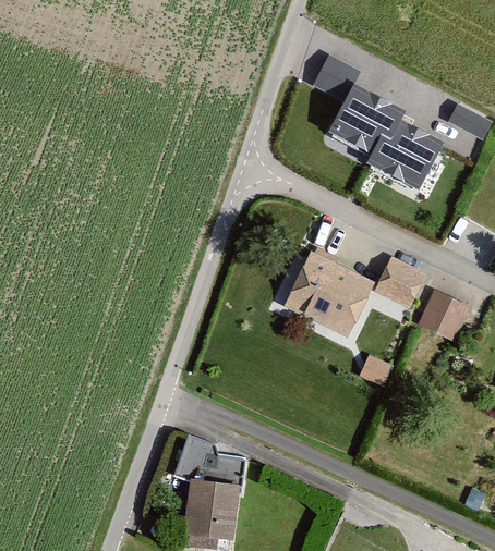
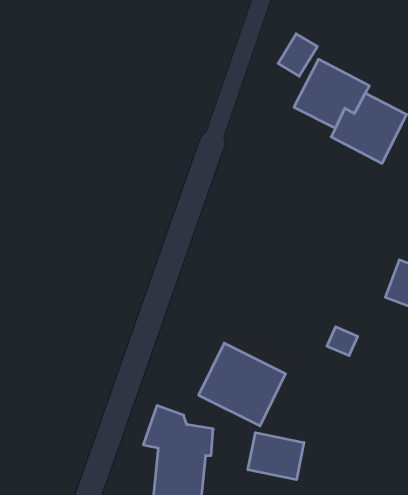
building: [282,254,372,339] -> [199,343,286,426]
building: [373,260,424,310] -> none
building: none -> [248,433,304,480]

